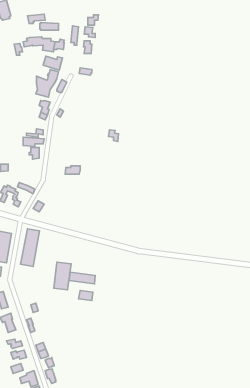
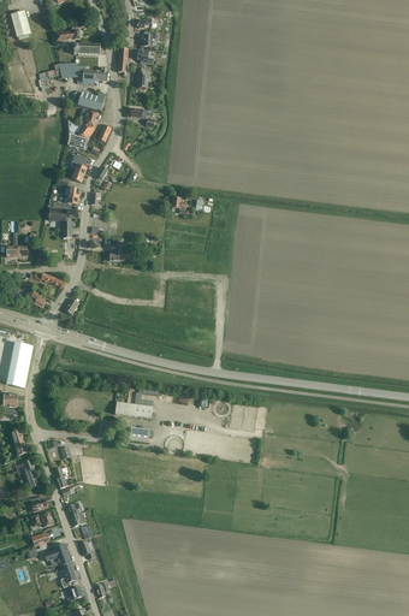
building: [20,229,40,267] -> none
building: [54,262,71,290] -> none

